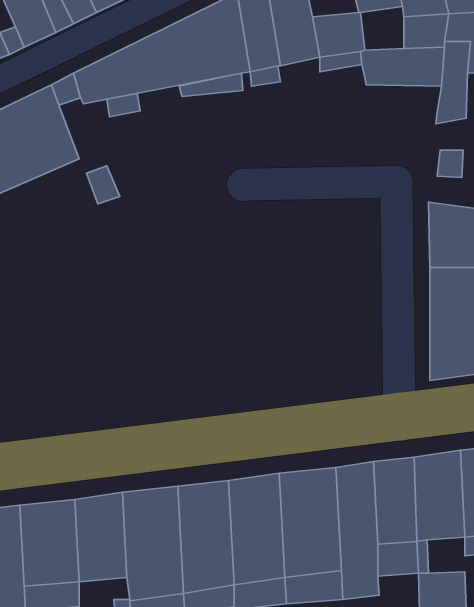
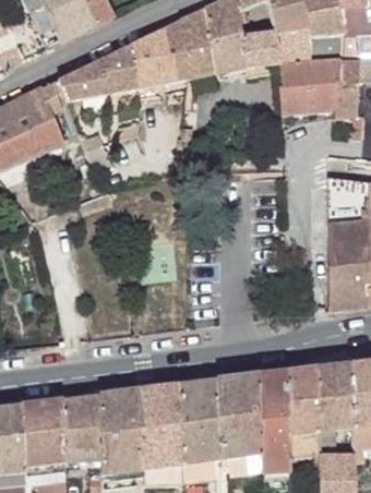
building: none -> [277,27,310,60]
building: none -> [282,86,338,110]

